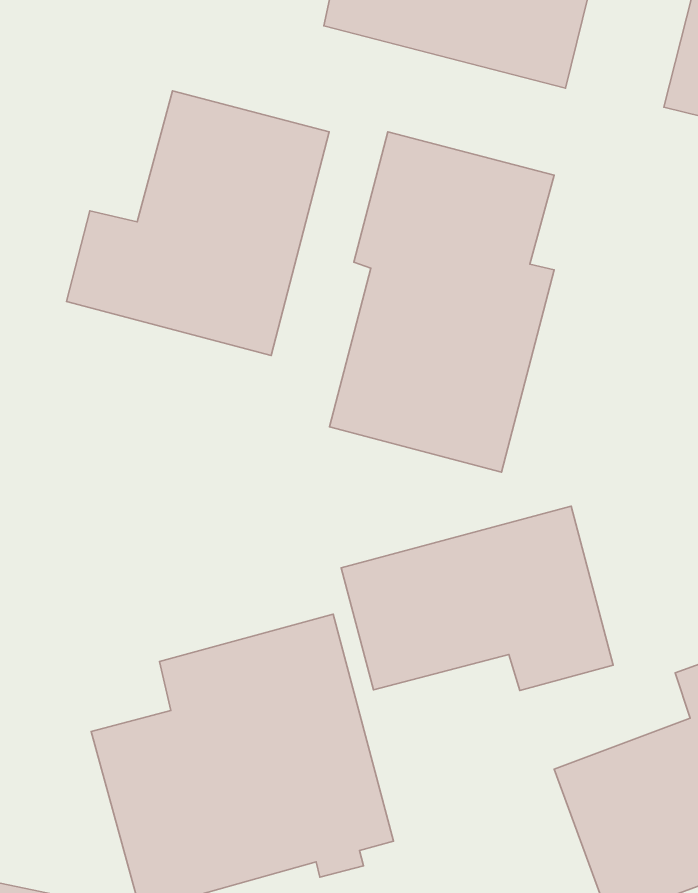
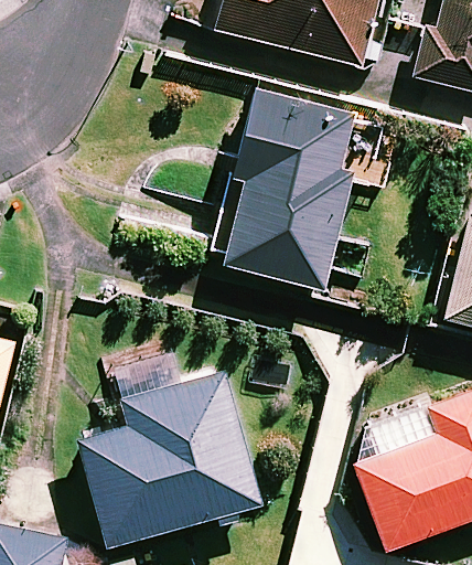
building: [67,91,329,355] -> none
building: [341,506,613,691] -> none

